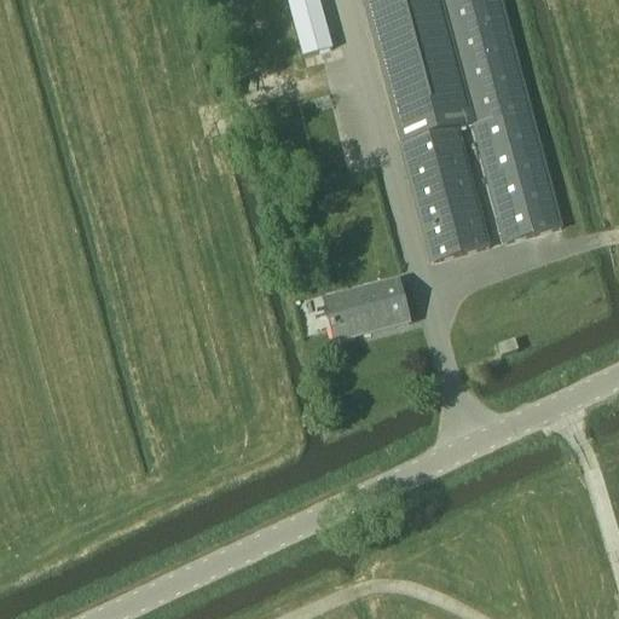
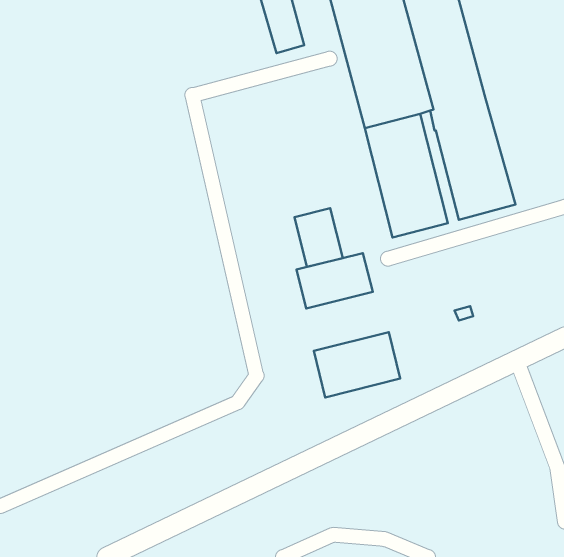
building: none -> [294,208,343,267]
building: none -> [314,332,400,397]

